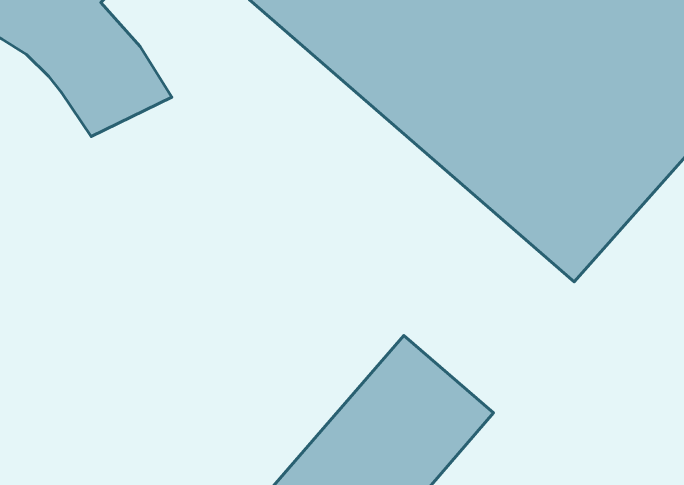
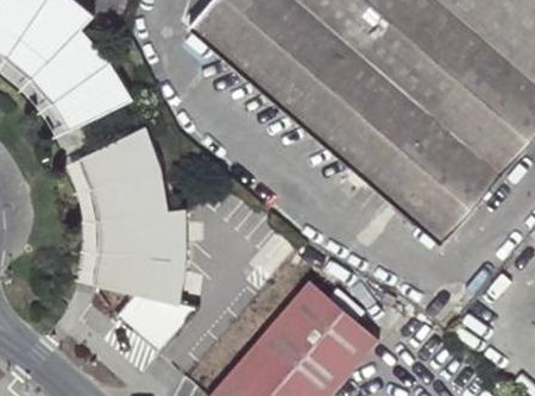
building: none -> [82,130,196,352]

